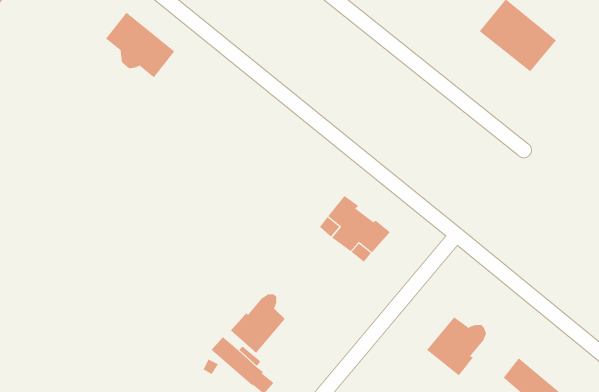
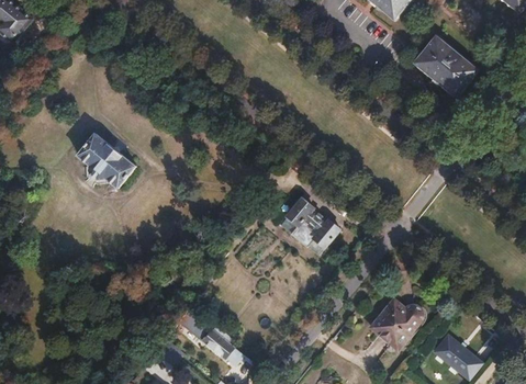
building: [105,12,175,78] -> [77,133,135,188]
building: [230,293,285,353] -> none

